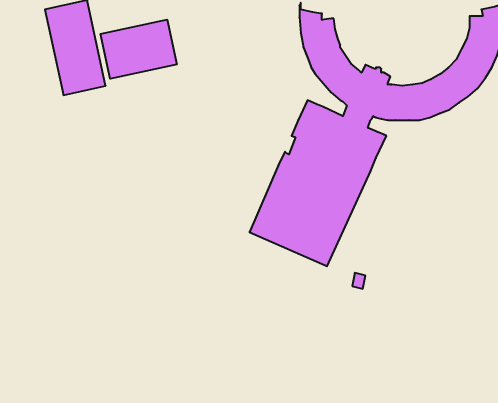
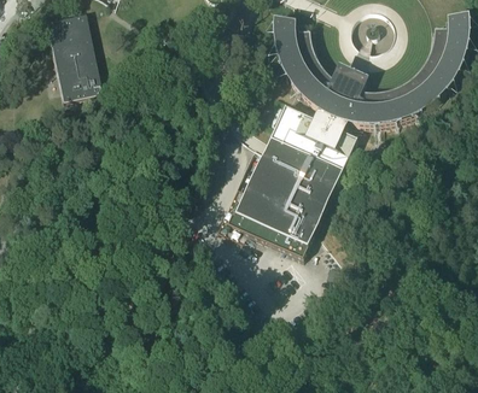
building: [101,20,177,79] -> none

